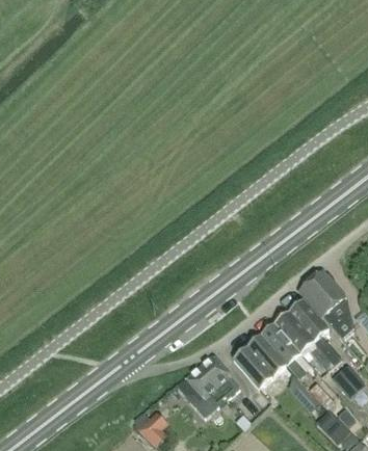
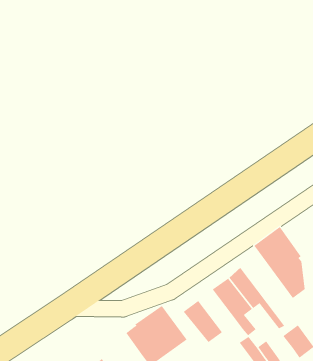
building: [285,299,342,367] -> none
building: [245,336,284,377] -> none

